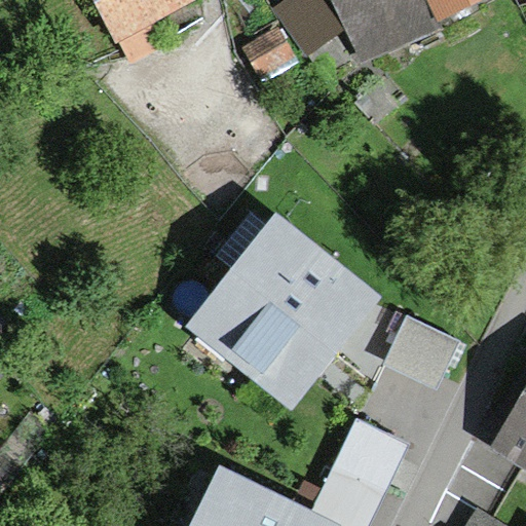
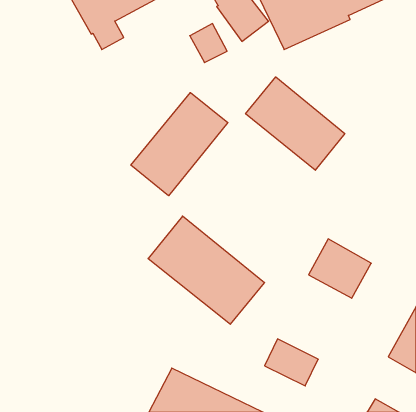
building: none -> [246,77,345,170]
building: none -> [131,93,228,196]
building: [230,217,380,358] -> none

